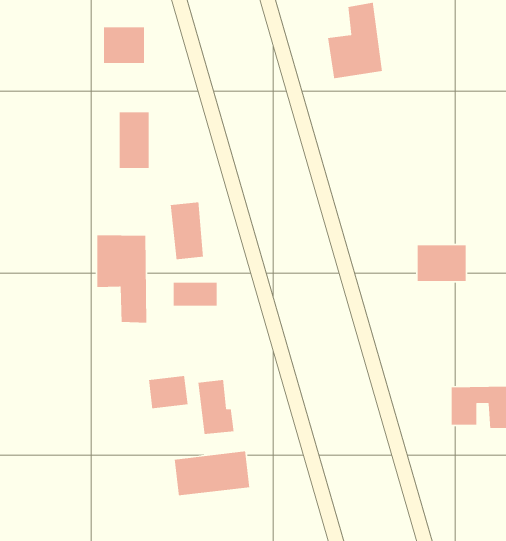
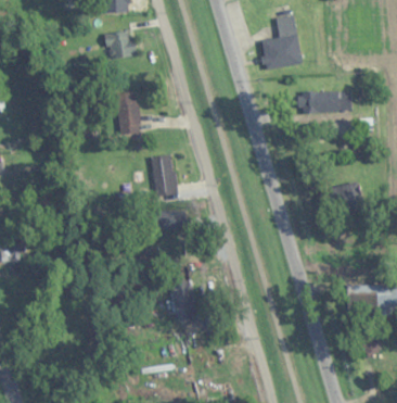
building: [97,235,147,324] -> none
building: [148,375,188,409] -> none
building: [174,451,250,496] -> none

